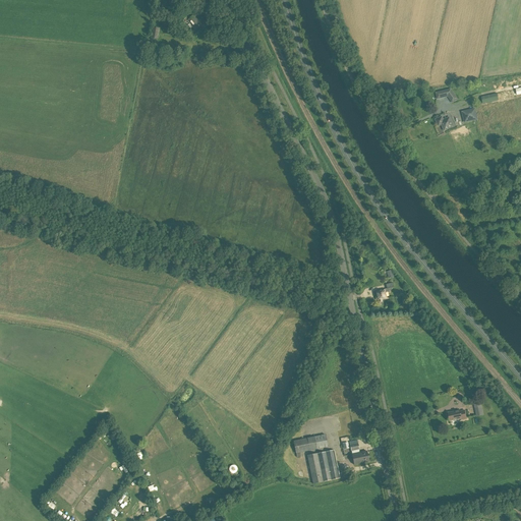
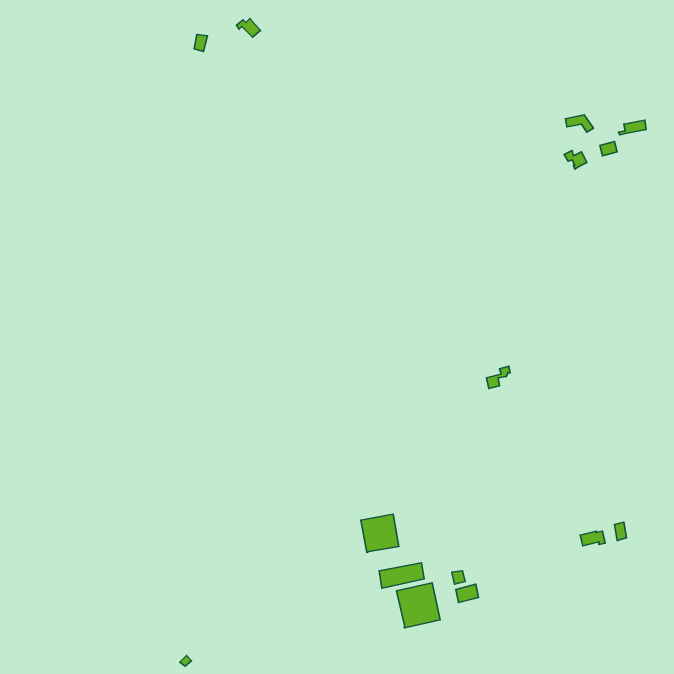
building: none -> [361,514,399,552]

